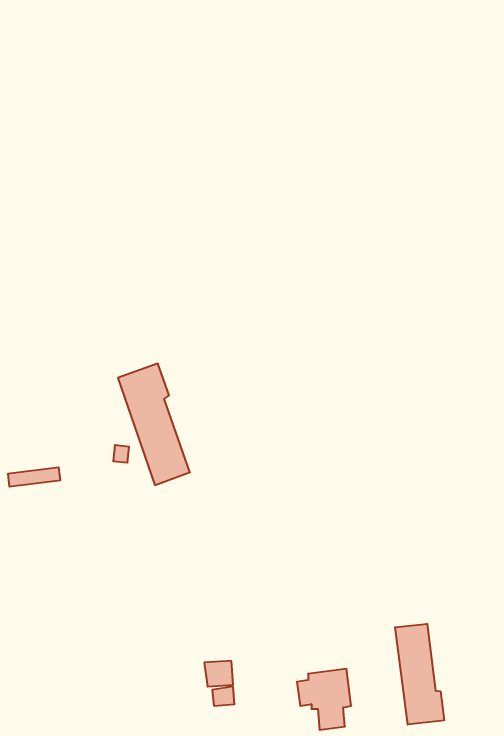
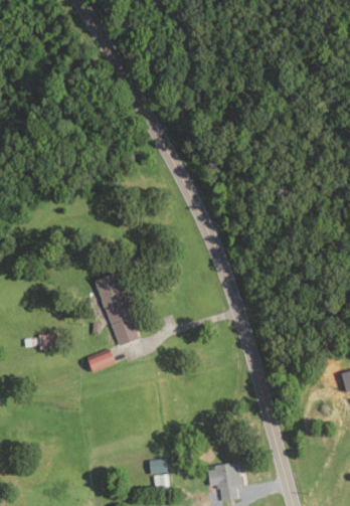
building: none -> [88,349,116,373]
building: [395,624,444,725] -> none

